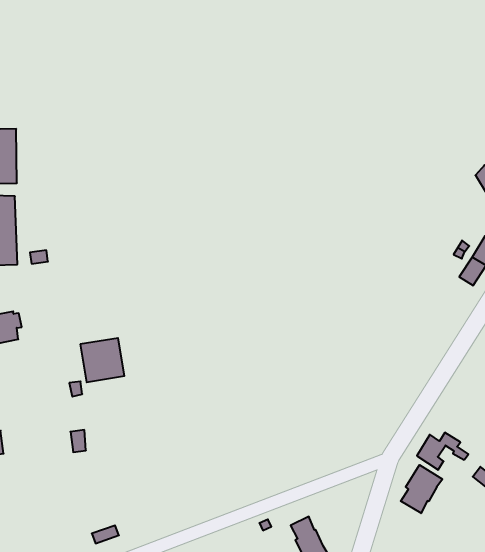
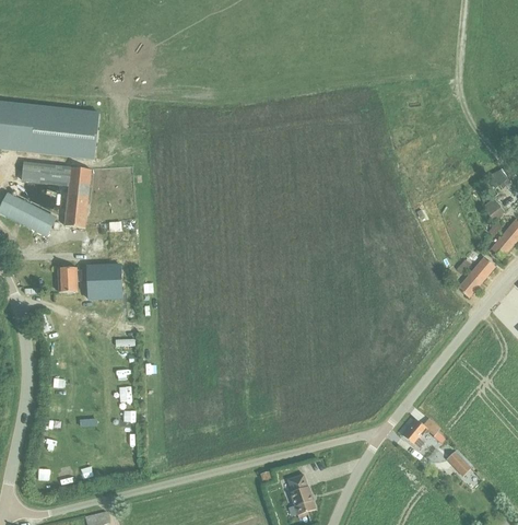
building: [80,338,124,382] -> [86,265,120,299]
building: [401,465,442,513] -> none

